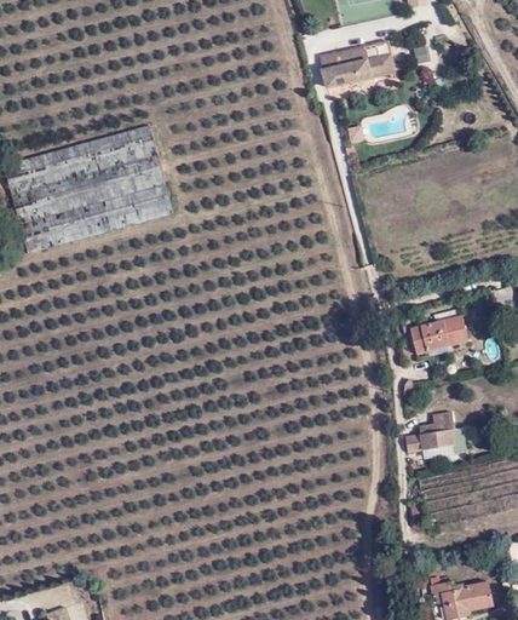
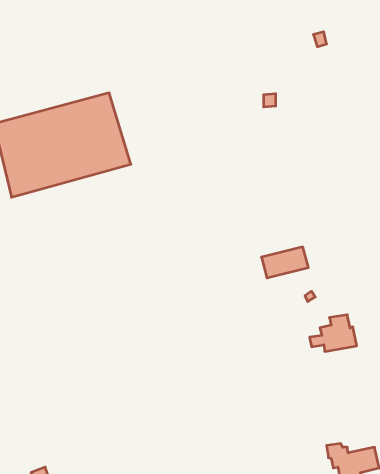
building: [320,39,401,103] -> none
building: [408,314,468,354] -> [261,247,308,278]

